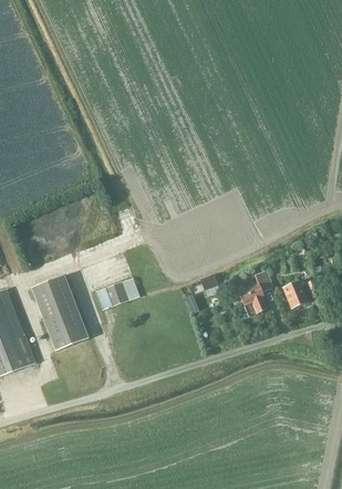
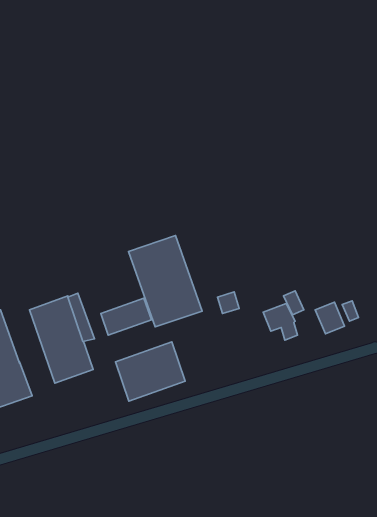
building: none -> [128,236,202,327]
building: none -> [116,342,185,401]

